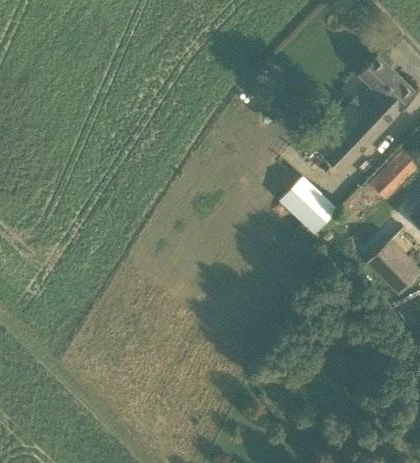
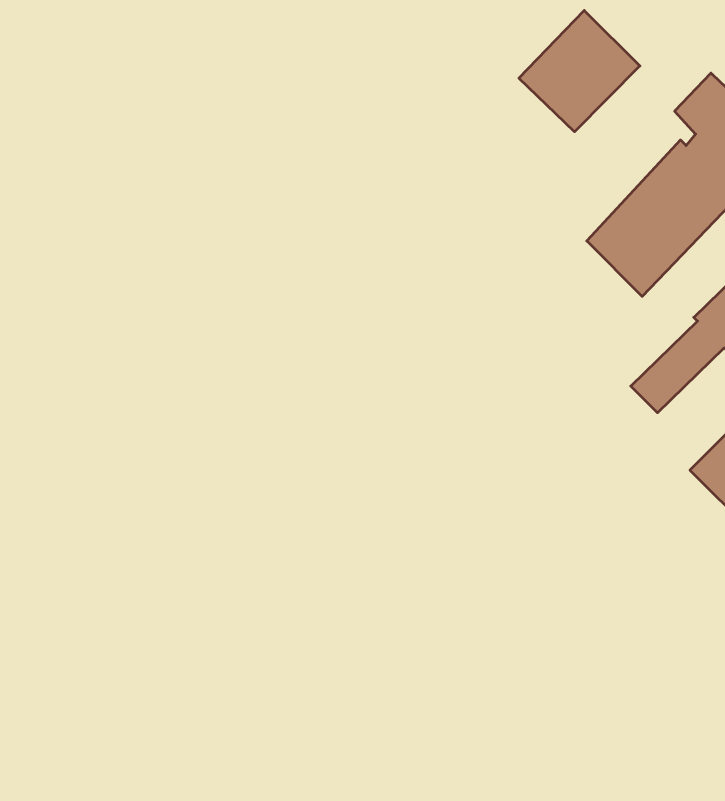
building: none -> [519,10,640,132]
building: [280,173,340,251] -> none

